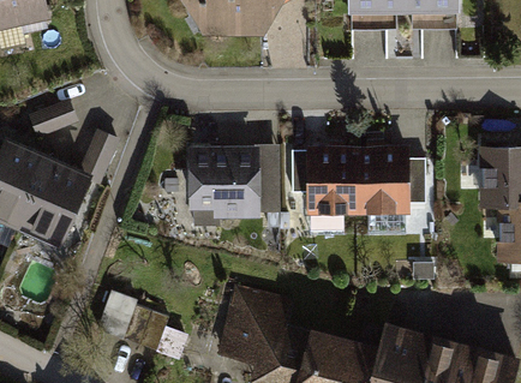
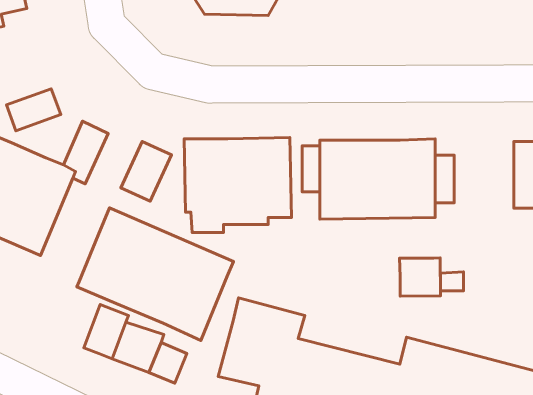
building: none -> [121,141,172,201]
building: none -> [77,208,233,340]
building: none -> [400,258,441,296]

